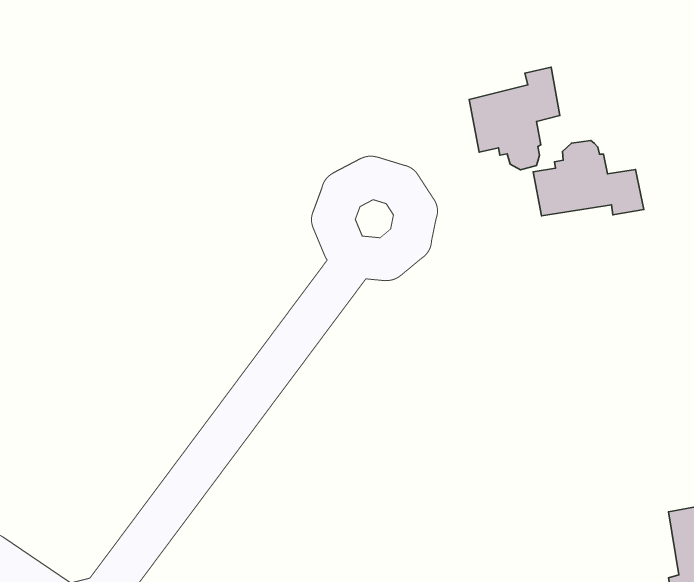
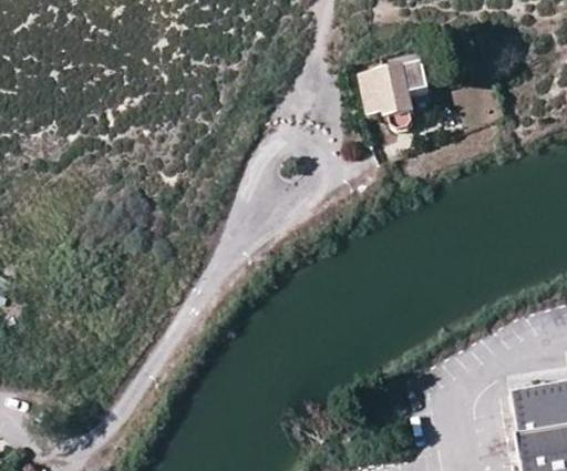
building: [533,140,644,216] -> none

